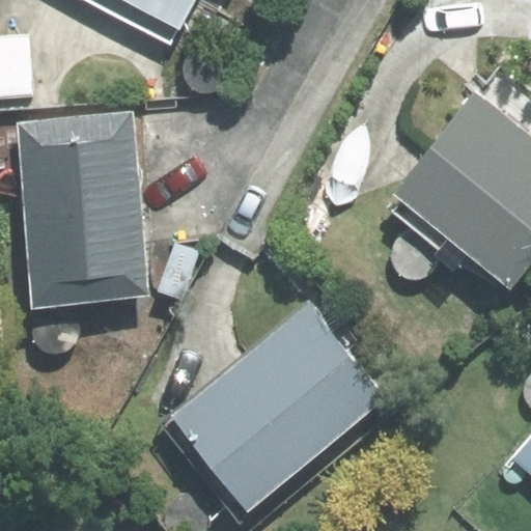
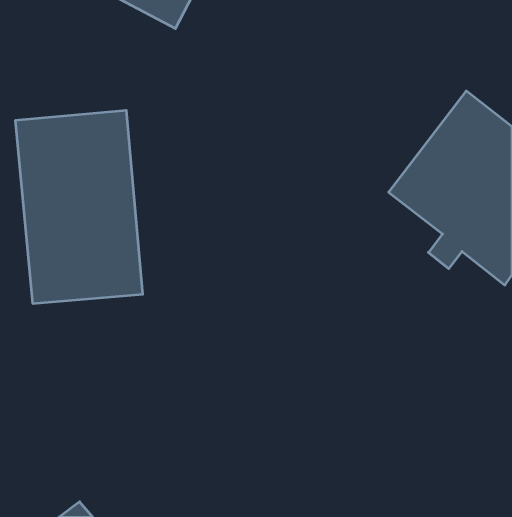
building: [174,304,385,509] -> none

